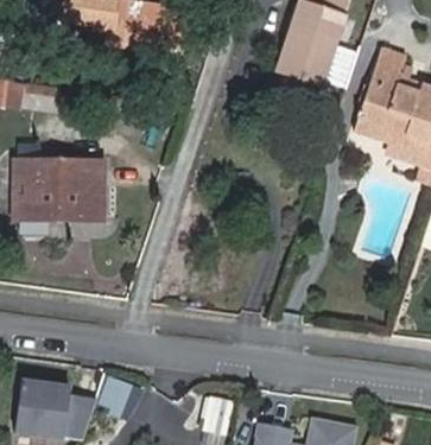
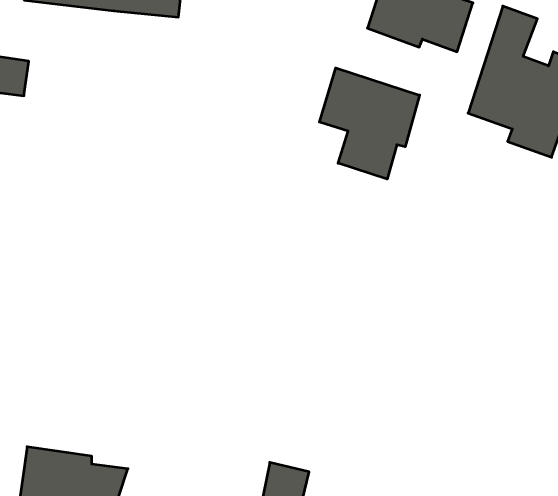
building: none -> [319,68,420,179]
building: [13,167,102,223] -> none

